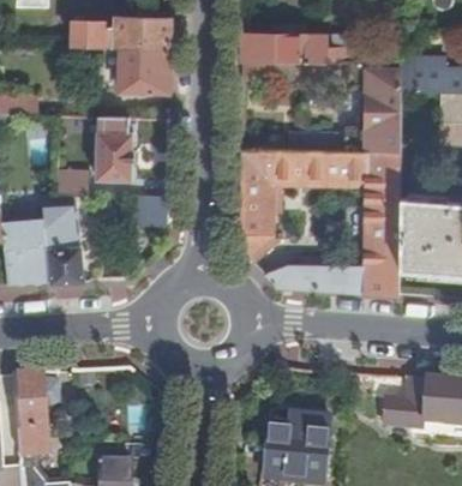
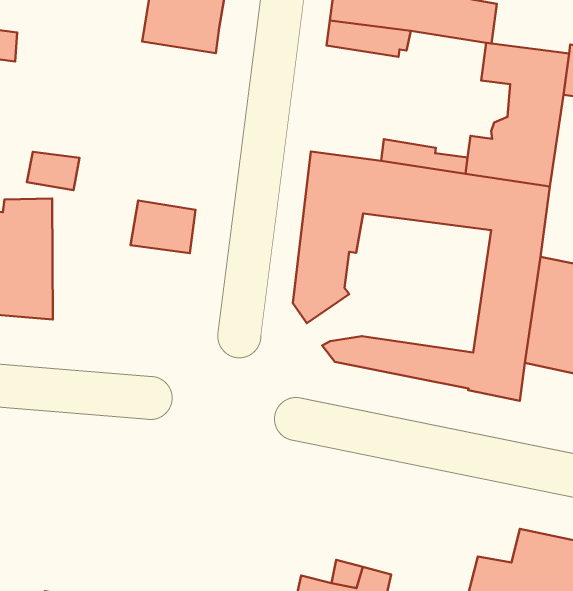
building: [79,116,134,180] -> none

